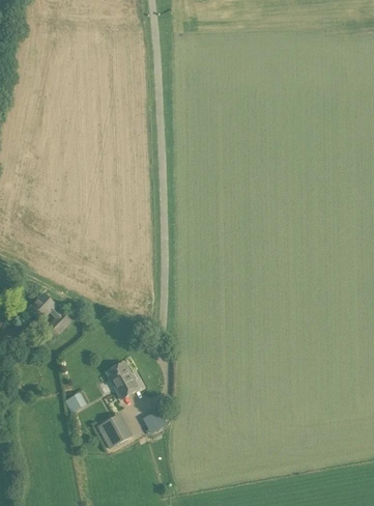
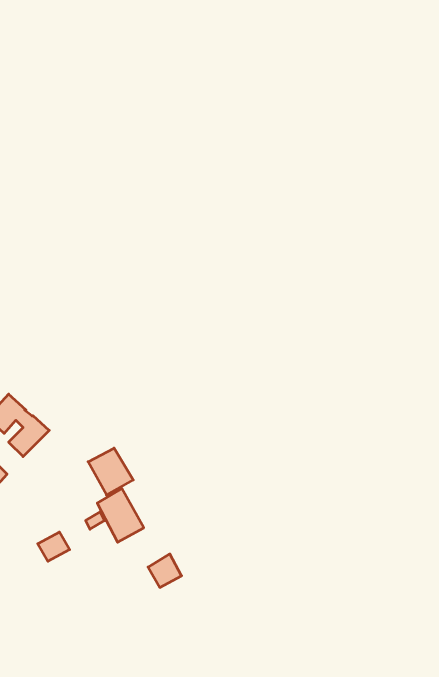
building: none -> [88,448,133,495]
building: [97,415,128,447] -> none

